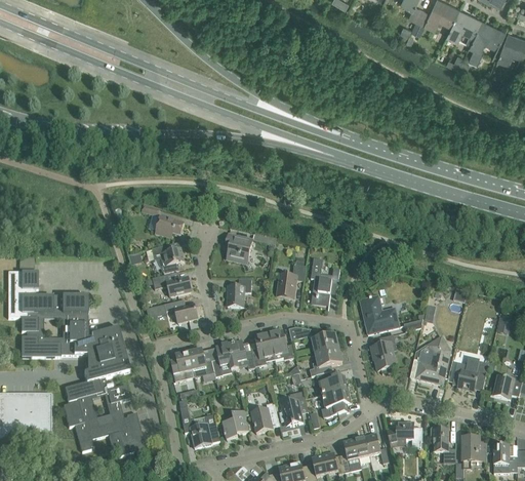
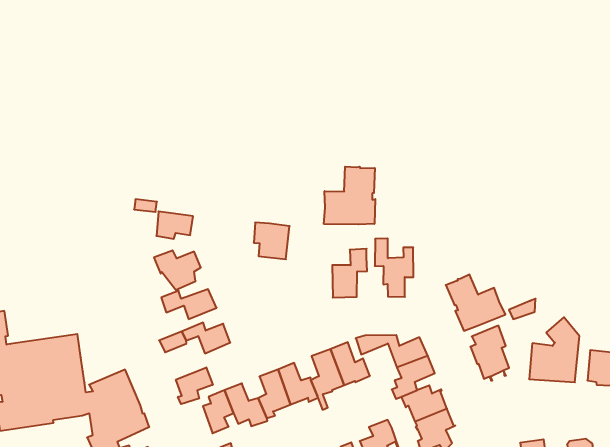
building: none -> [324,167,375,224]
building: [227,278,251,307] -> none
building: none -> [176,367,213,404]

